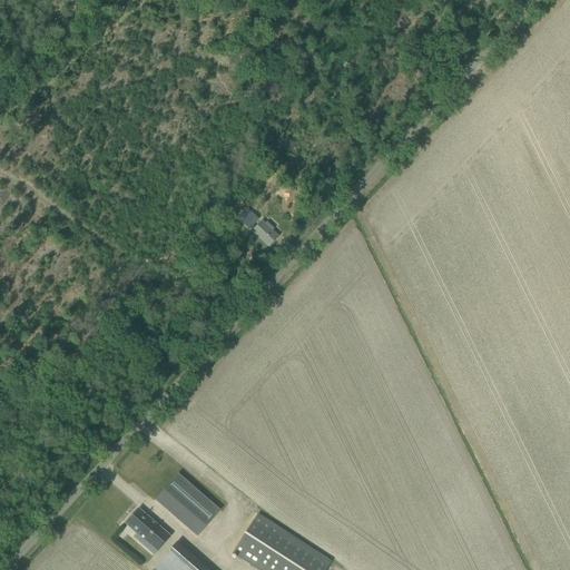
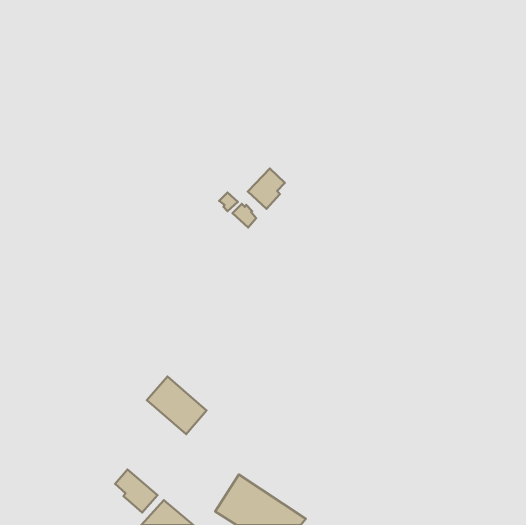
building: none -> [248,168,285,209]
building: [160,476,225,539] -> [147,377,207,434]

